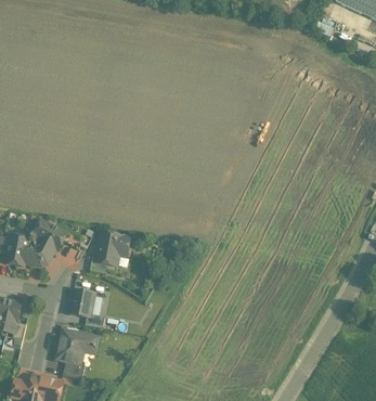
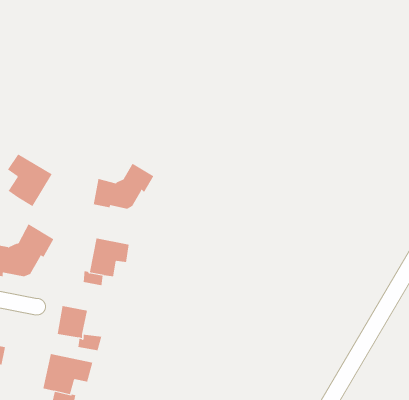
building: none -> [7,153,52,207]
building: none -> [93,163,154,209]

